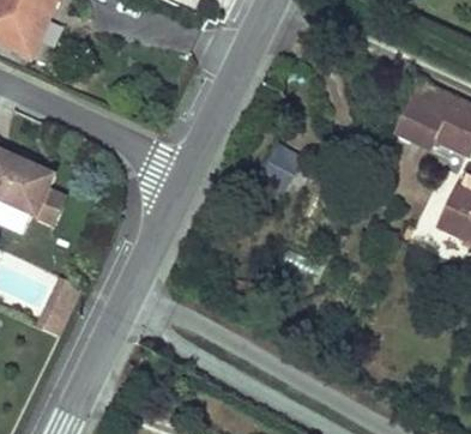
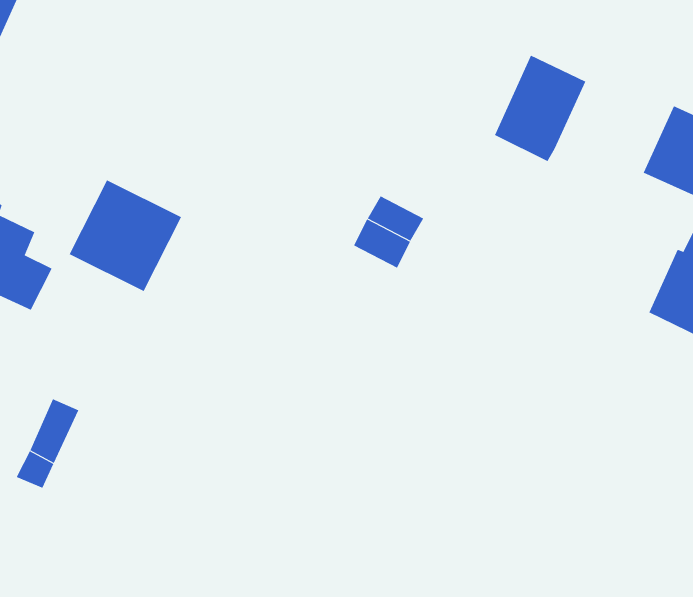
building: [395,78,453,145] -> [494,55,586,162]
building: none -> [69,179,182,292]

